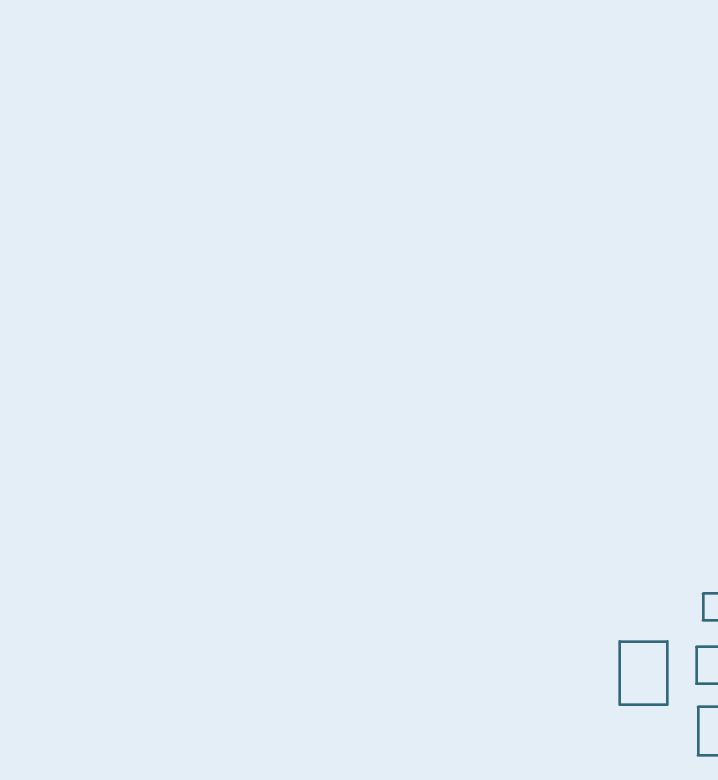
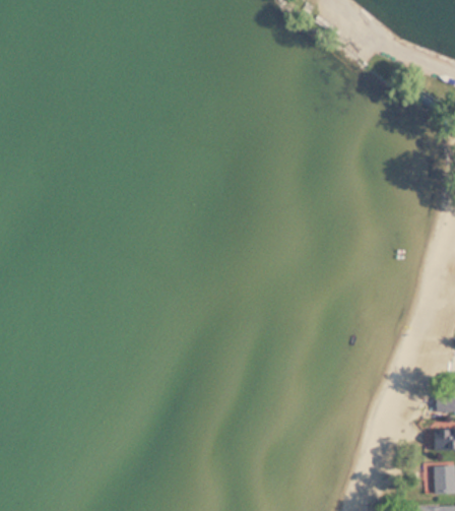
building: [620,641,667,705] -> none

